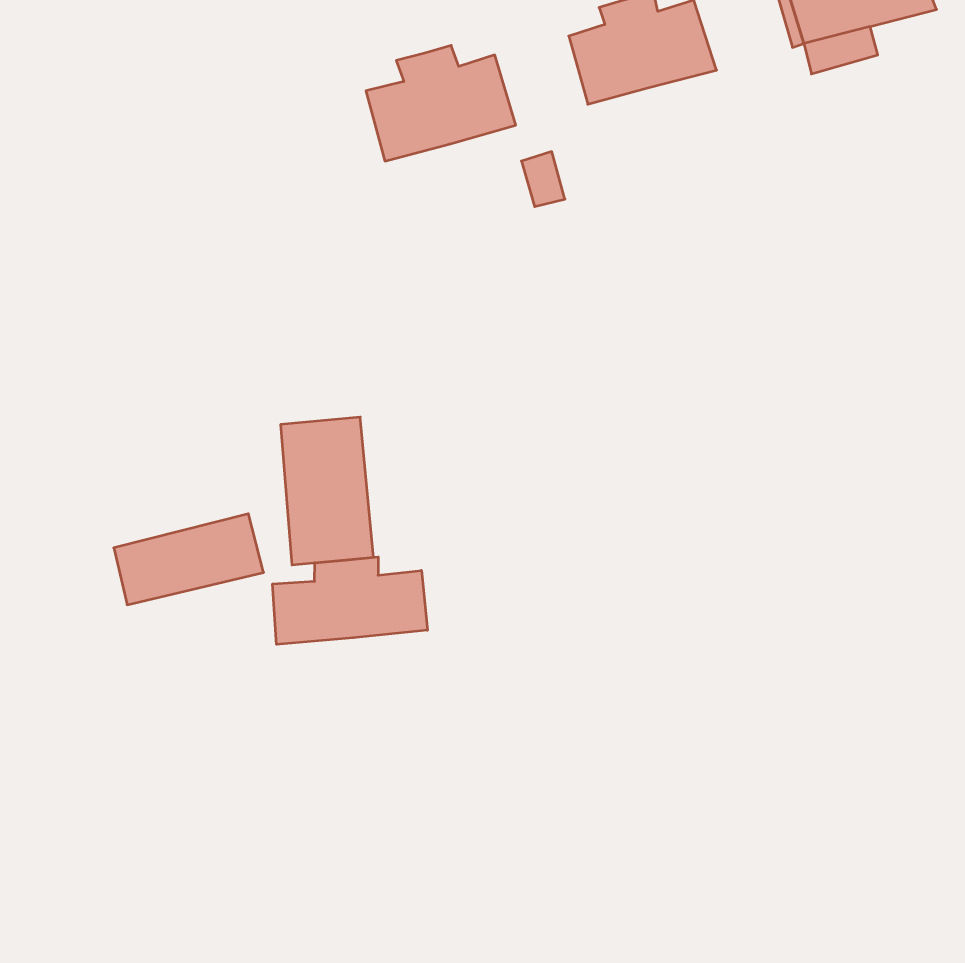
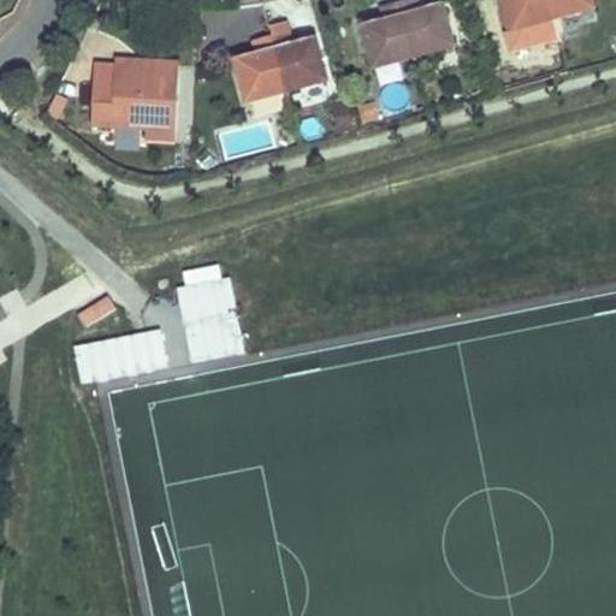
building: none -> [89,61,179,137]
building: [273,557,427,644] -> none

